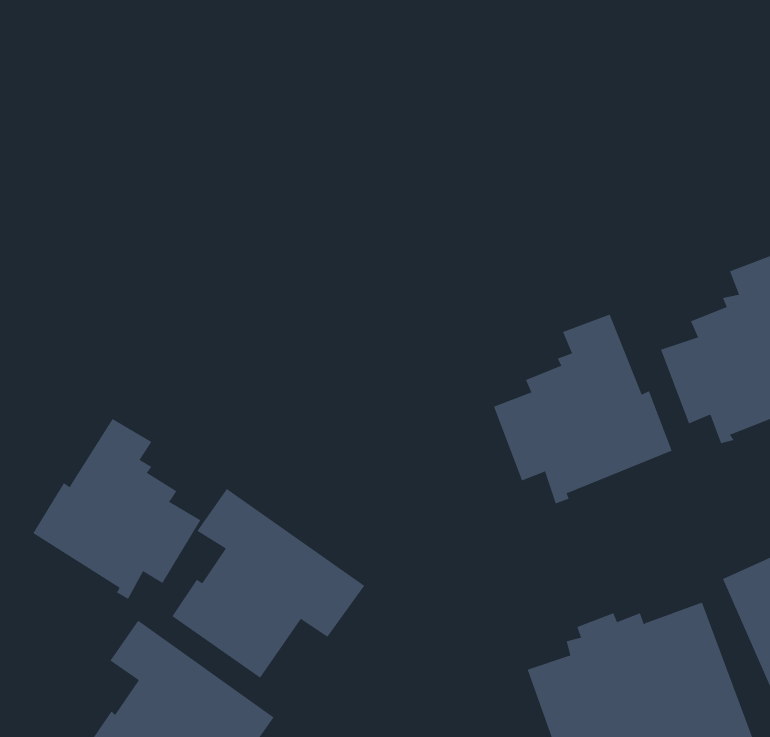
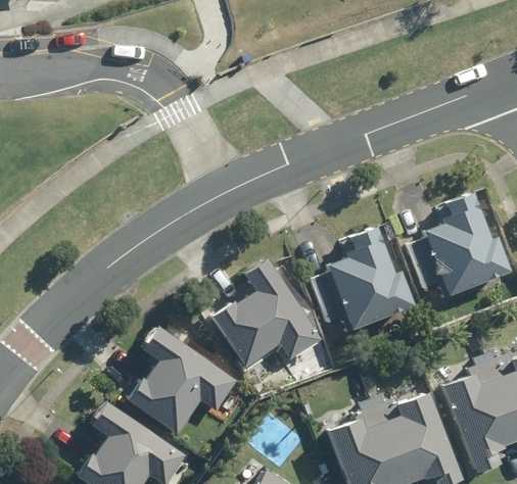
building: none -> [212,259,320,368]
building: [33,418,201,600] -> none

